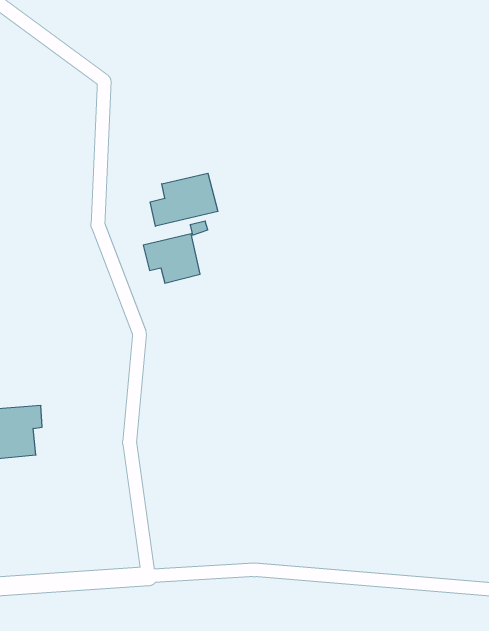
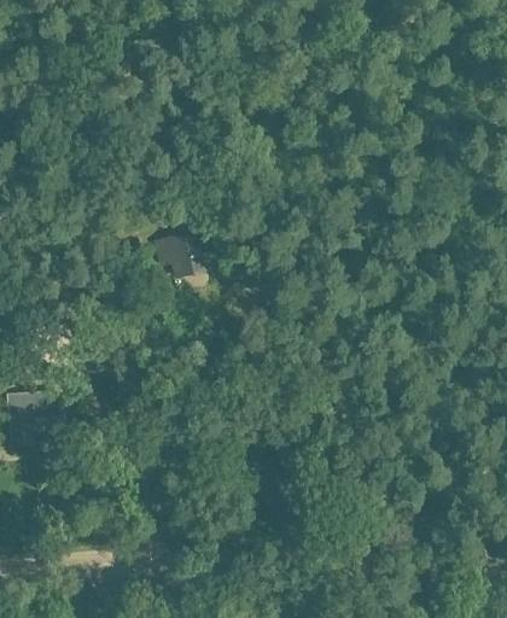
building: [150,173,218,226] -> none

